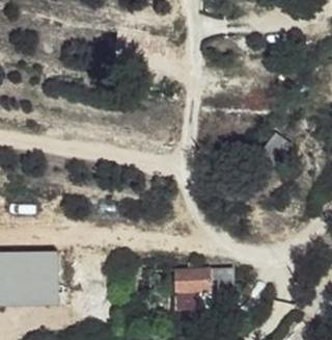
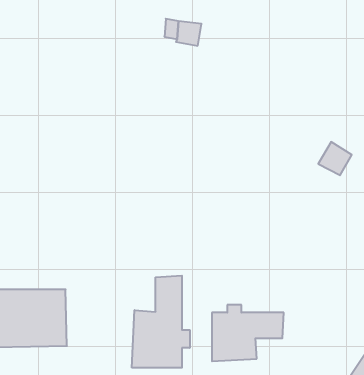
building: none -> [132,276,190,368]

